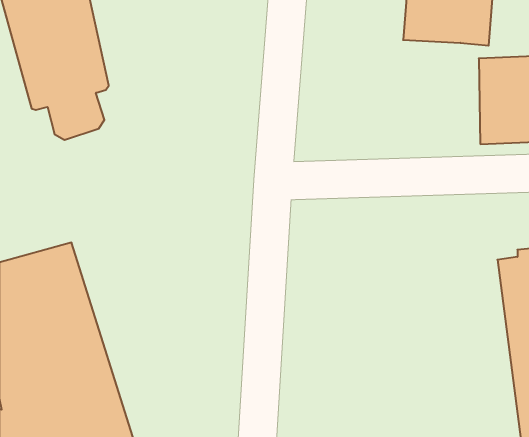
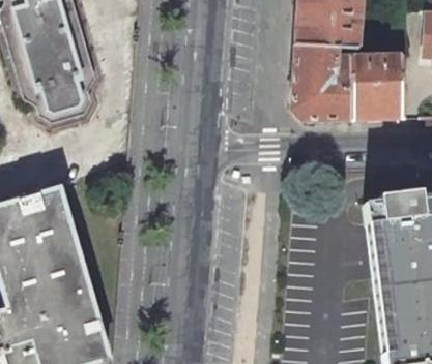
building: none -> [291,42,351,119]

